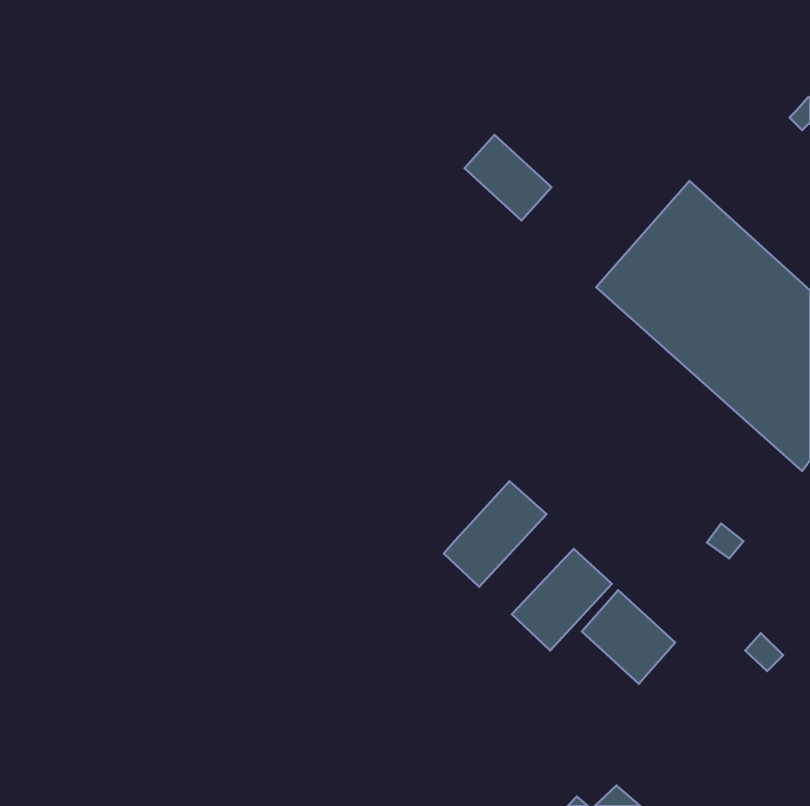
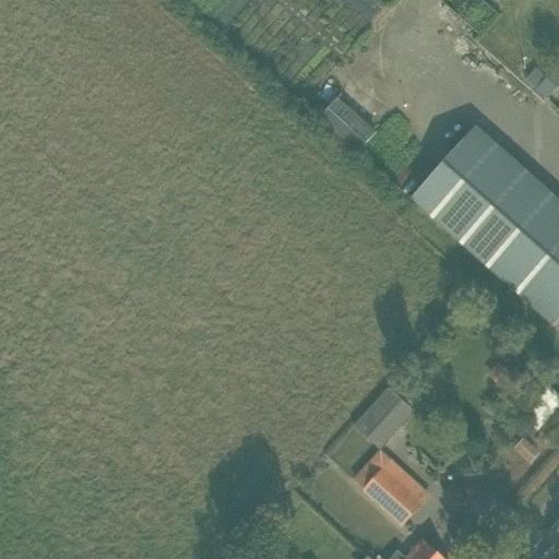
building: [444,481,547,587] -> none
building: [582,590,675,684] -> [364,459,428,523]

